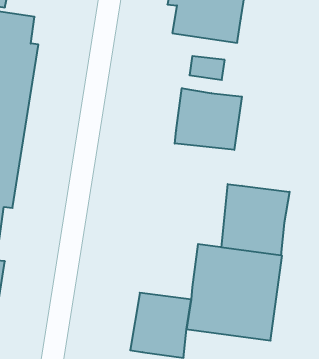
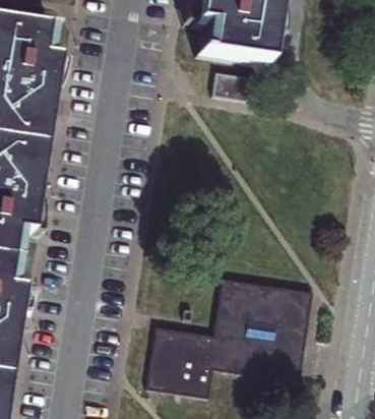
building: [175,88,242,150] -> none
building: [222,184,290,255] -> none

